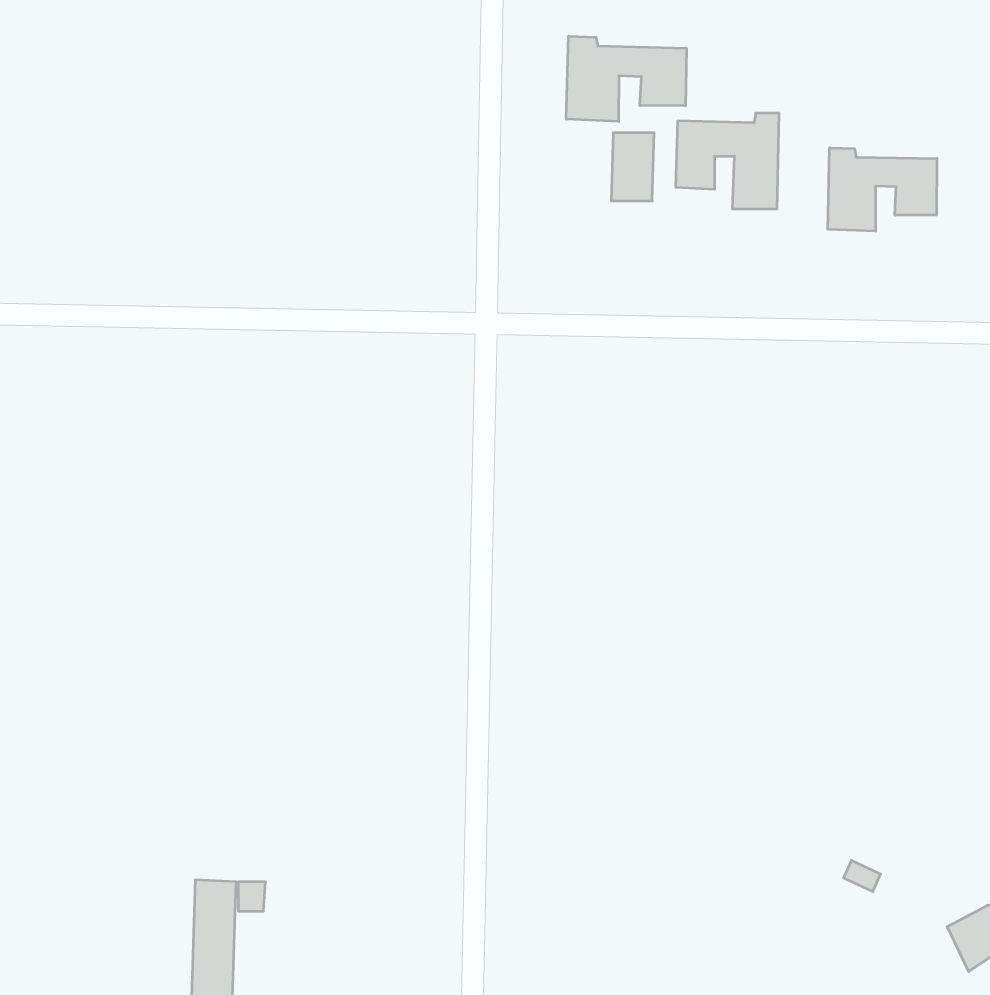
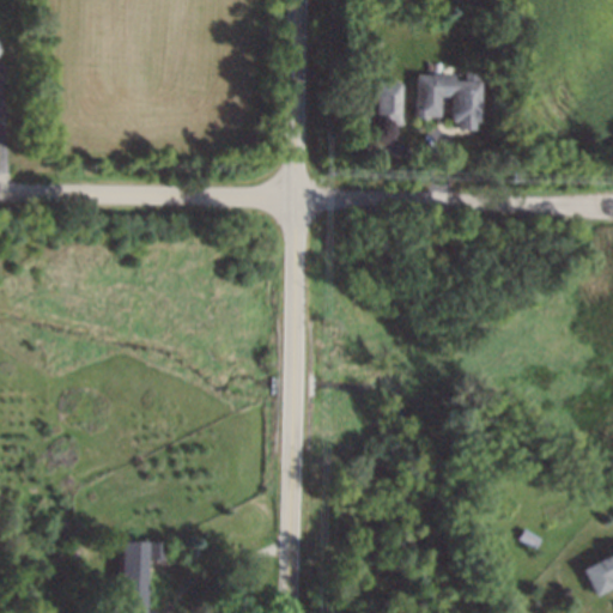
building: [566,36,686,122] -> none
building: [828,148,937,231] -> none

